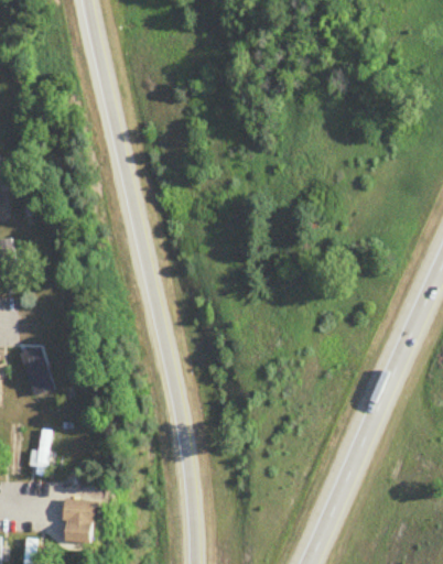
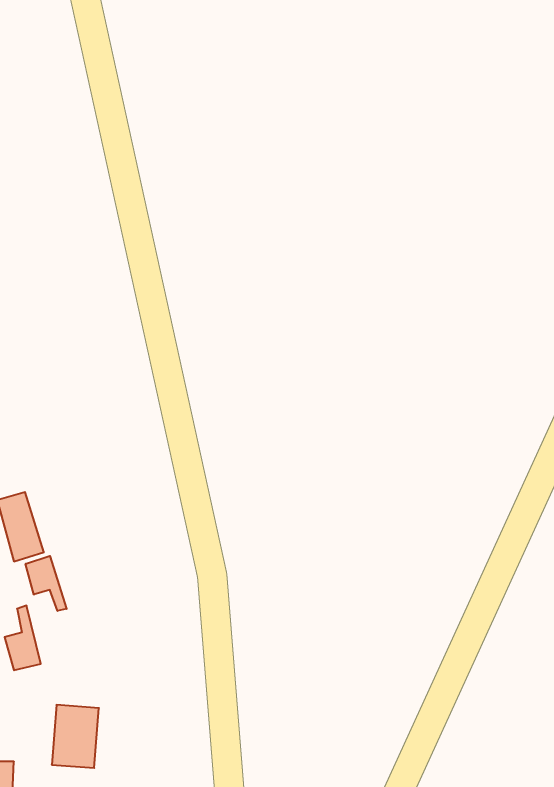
building: none -> [26,556,67,611]

